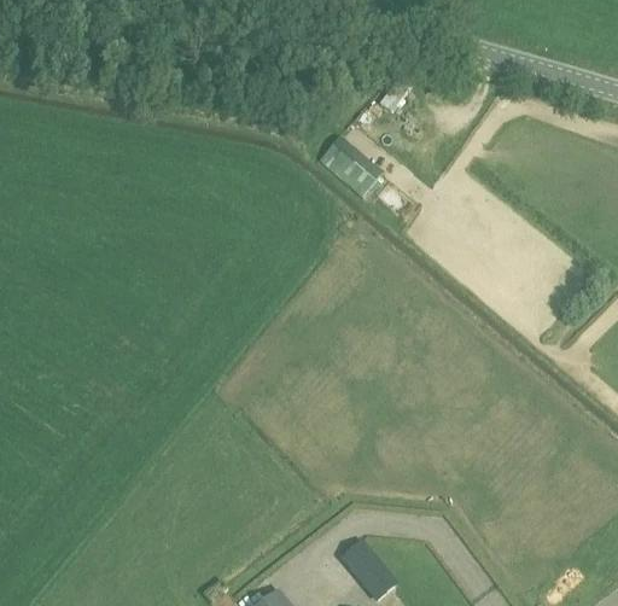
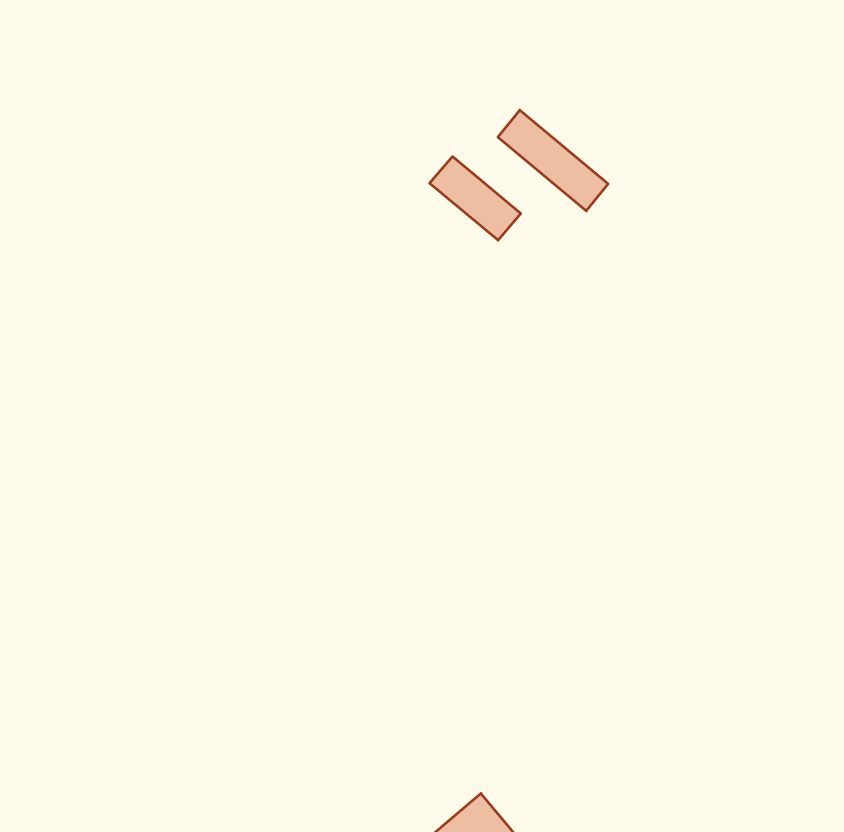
building: none -> [498,110,608,211]

